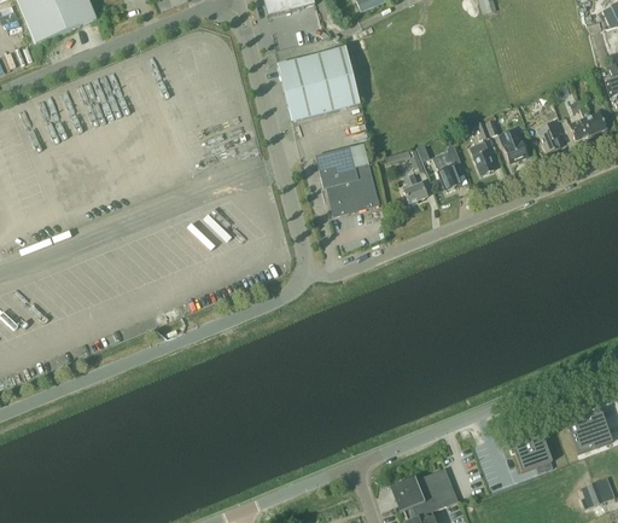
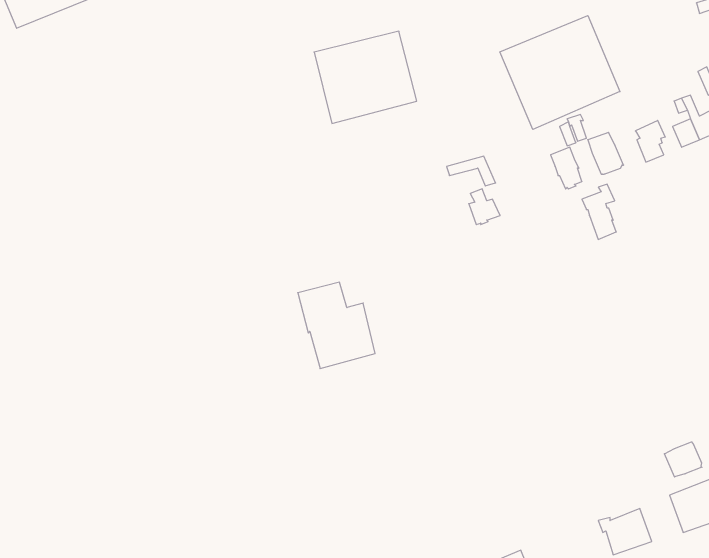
building: none -> [500,16,620,129]
building: [432,145,460,190] -> [582,184,616,239]
building: [315,146,378,216] -> [298,282,375,369]
building: none -> [664,442,702,477]

